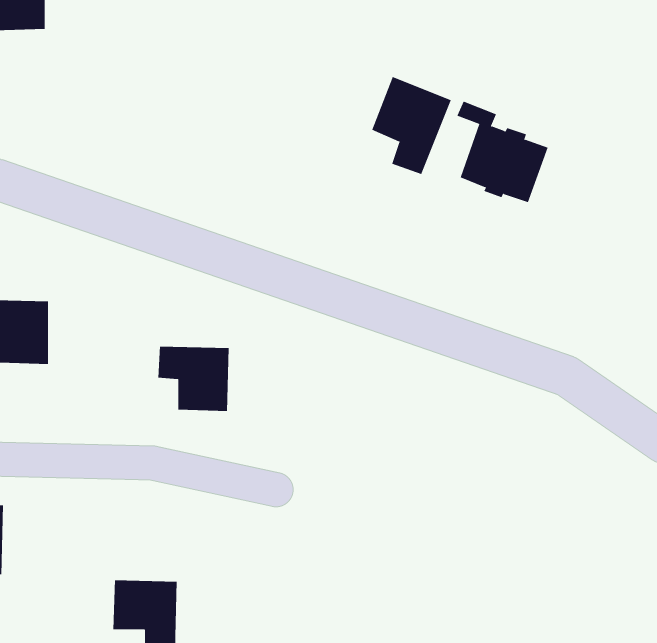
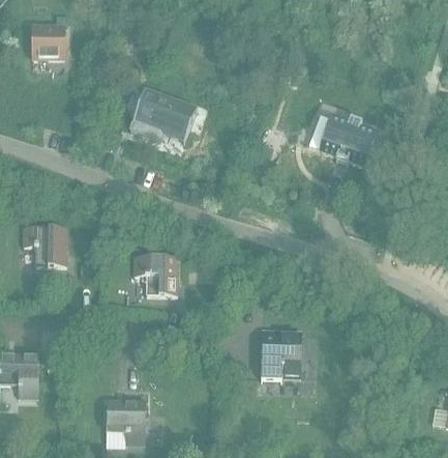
building: [371,76,452,175] -> none
building: none -> [130,88,198,140]
building: none -> [261,333,301,377]

